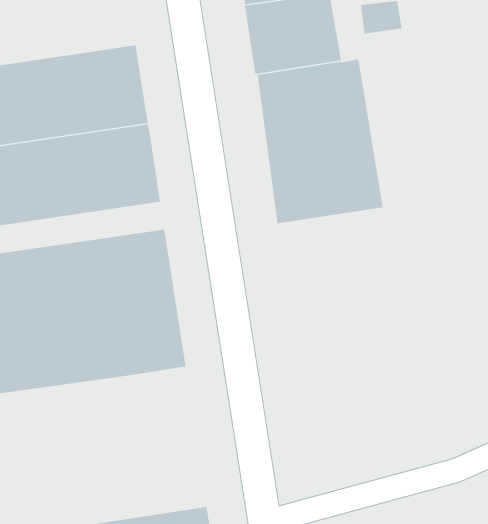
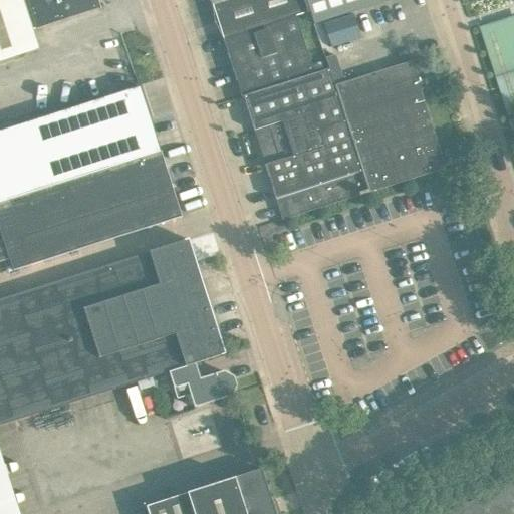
building: none -> [335,57,446,191]
building: none -> [169,362,235,406]

